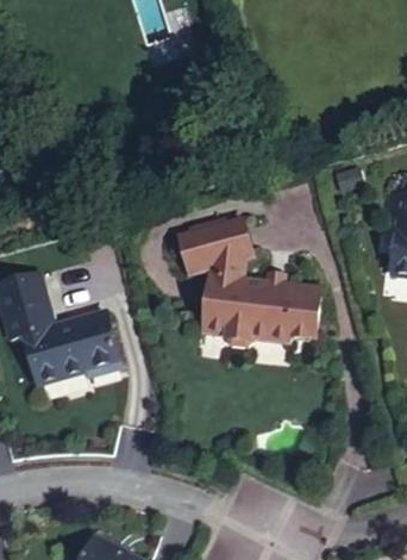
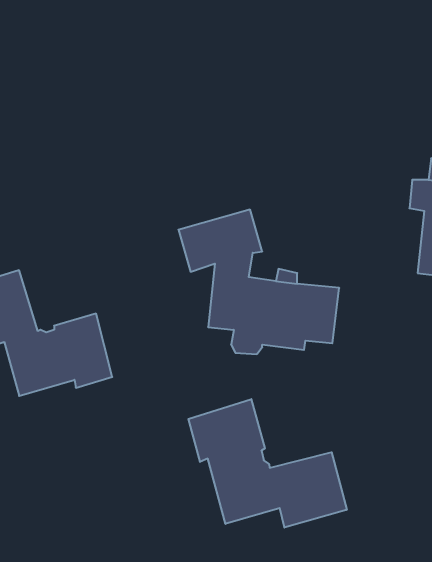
building: none -> [188,399,347,528]

